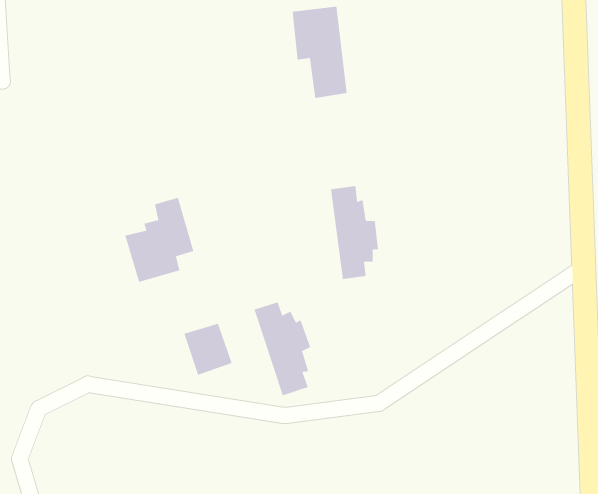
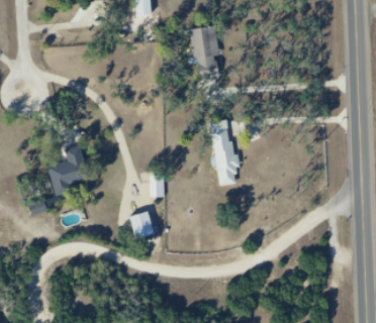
building: [124,197,194,283] -> [48,145,88,195]
building: [254,301,311,396] -> none

